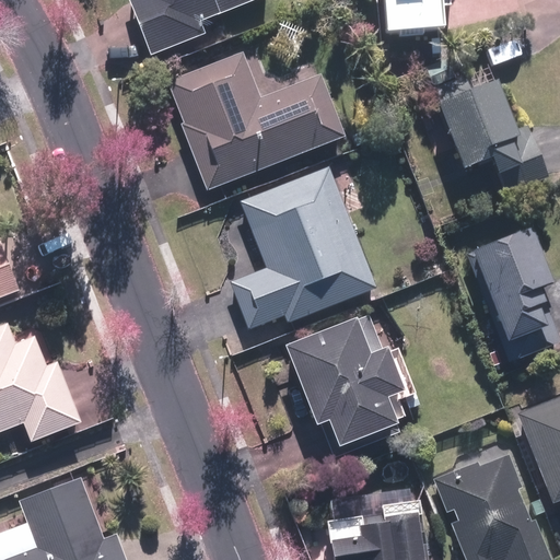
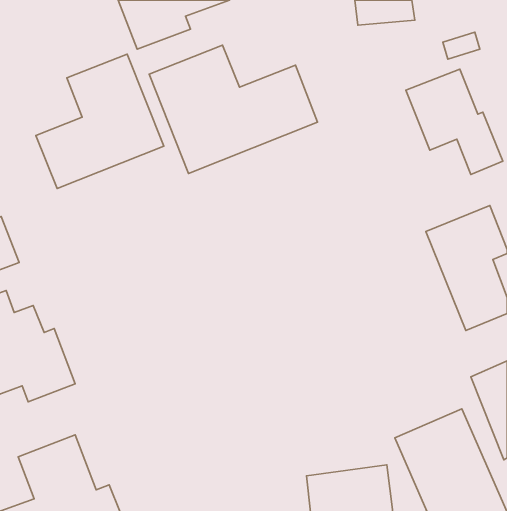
building: none -> [36,54,164,188]
building: [229,165,378,327] -> none
building: [287,310,423,457] -> none

